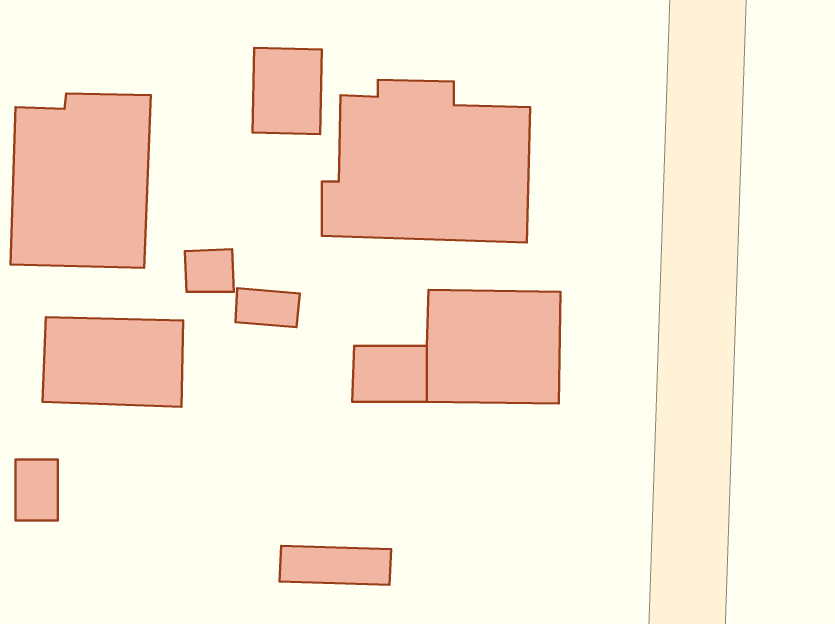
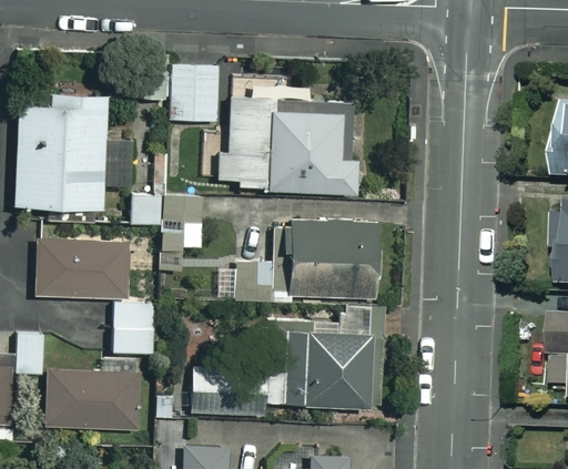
building: none -> [113,300,155,353]
building: none -> [270,306,379,408]
building: none -> [47,371,142,429]

